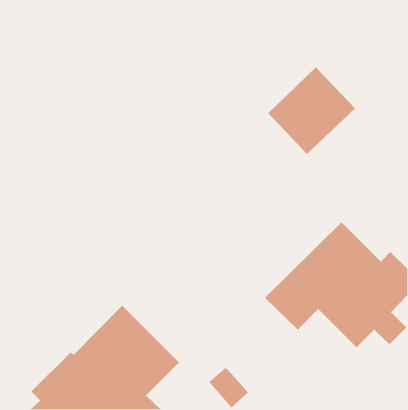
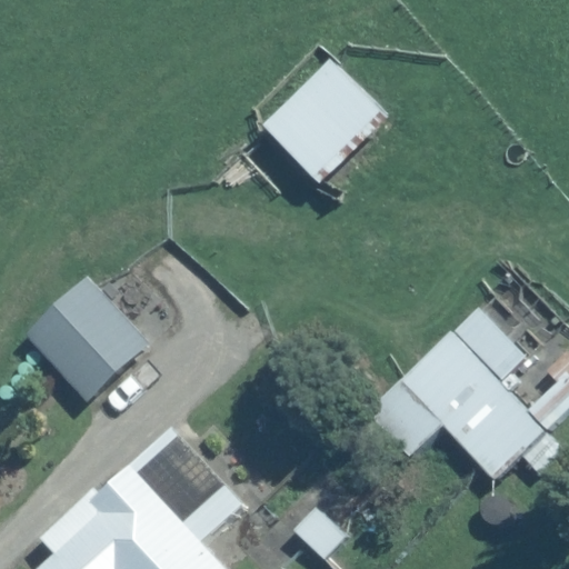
building: [268,67,356,155] -> [264,59,387,181]
building: none -> [18,271,151,405]

